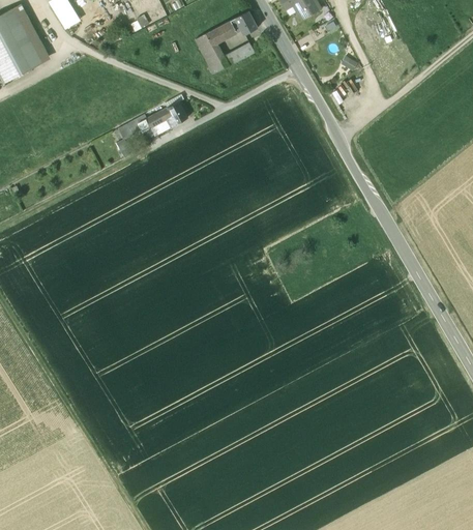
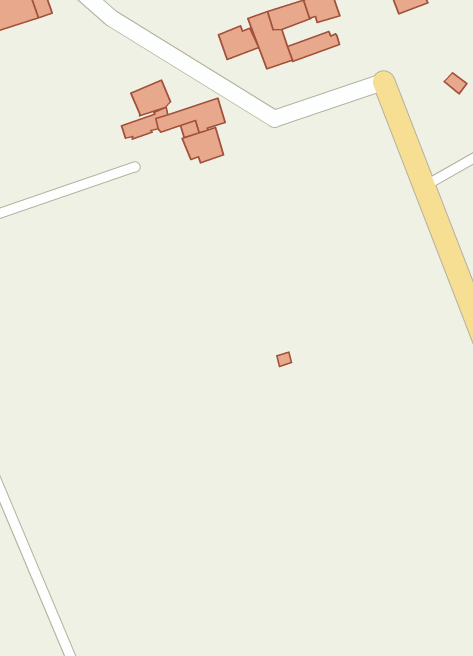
building: none -> [218,26,259,60]
building: none -> [131,80,171,116]
building: none -> [182,128,223,163]

